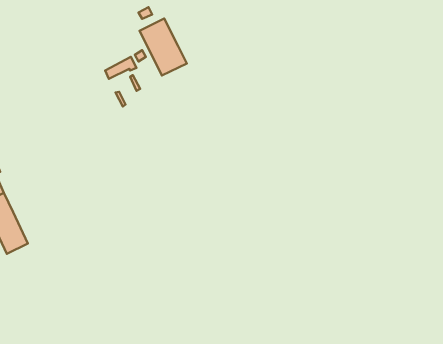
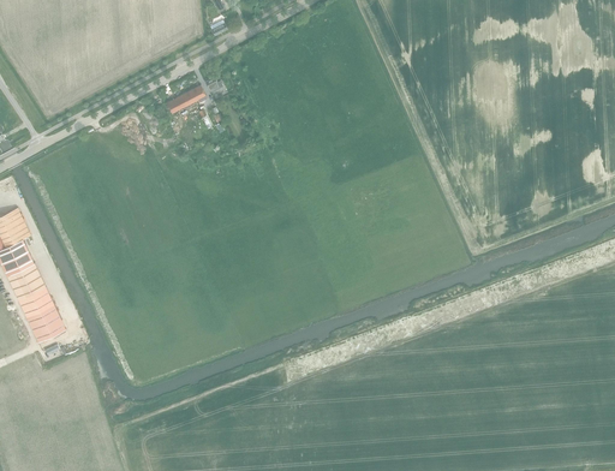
building: [140,18,187,76] -> none

